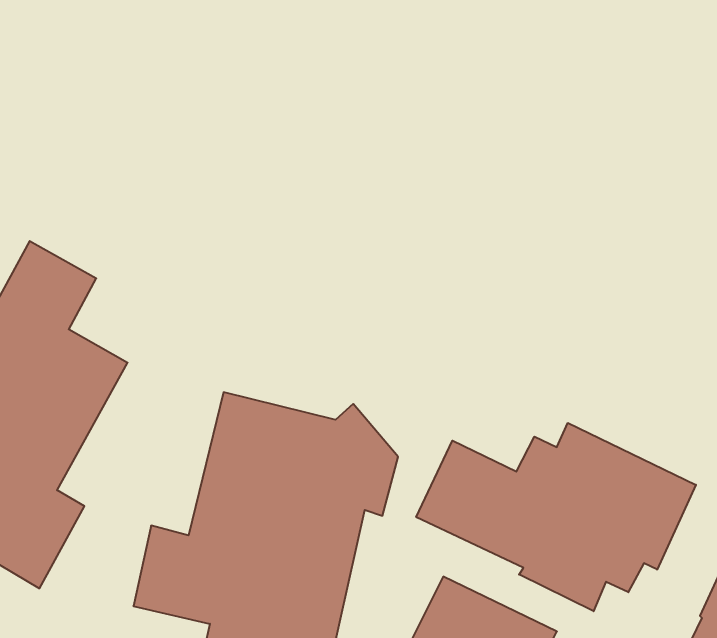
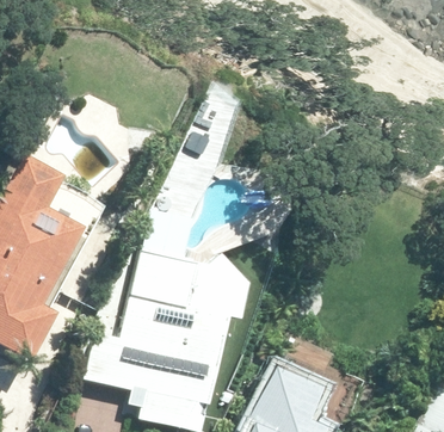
building: [416,423,696,611] -> none

